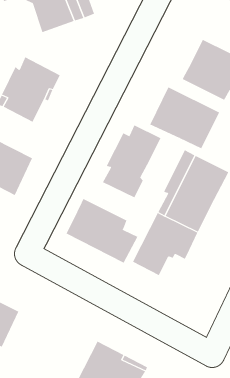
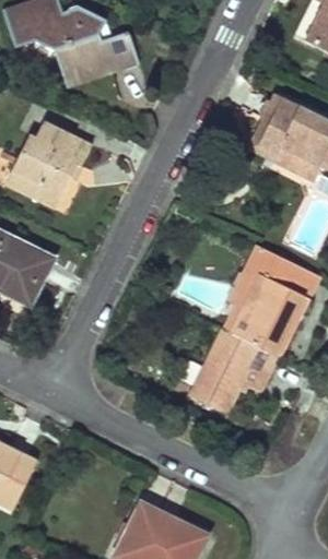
building: [150,87,220,149] -> none
building: [102,124,161,198] -> none
building: [66,198,138,263] -> none

